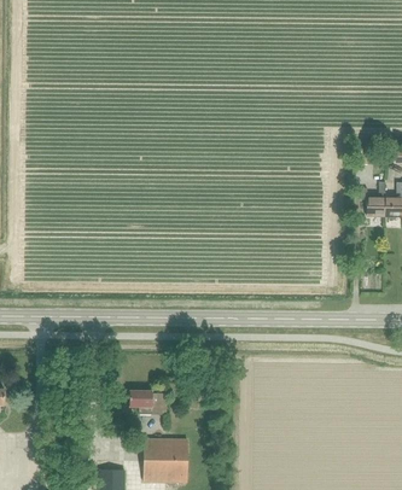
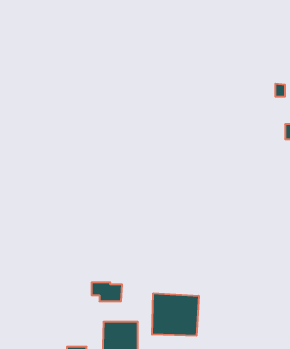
building: none -> [152,293,199,336]

